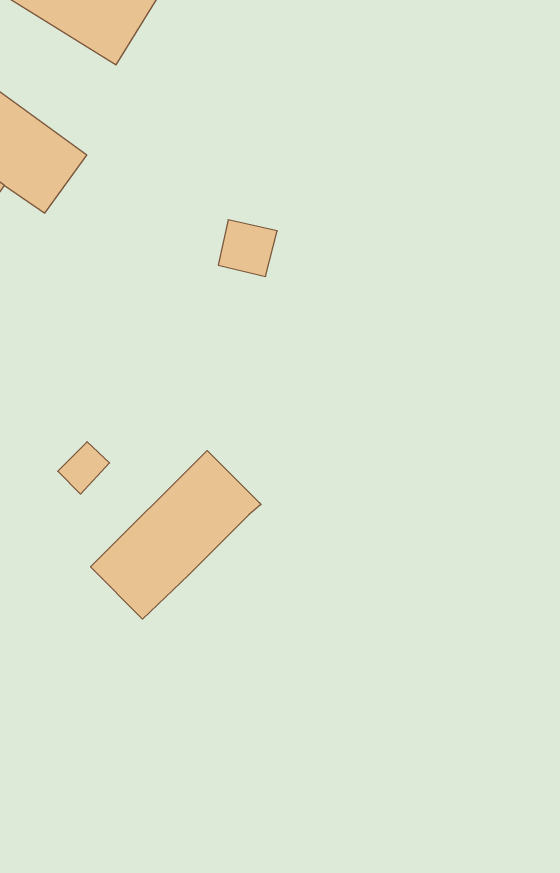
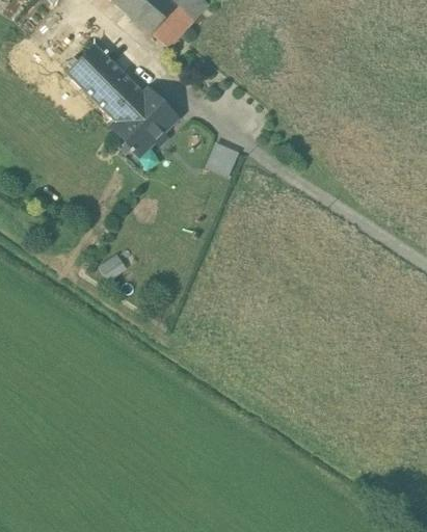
building: none -> [113,89,176,152]
building: [91,451,261,619] -> none

